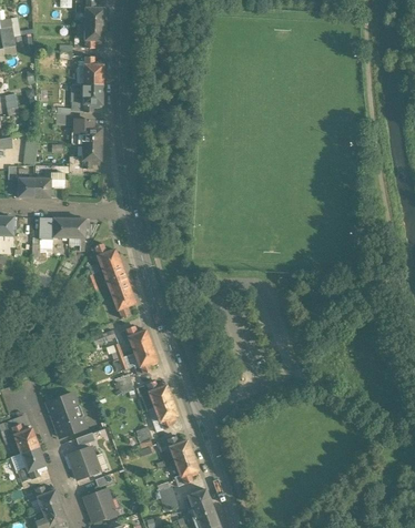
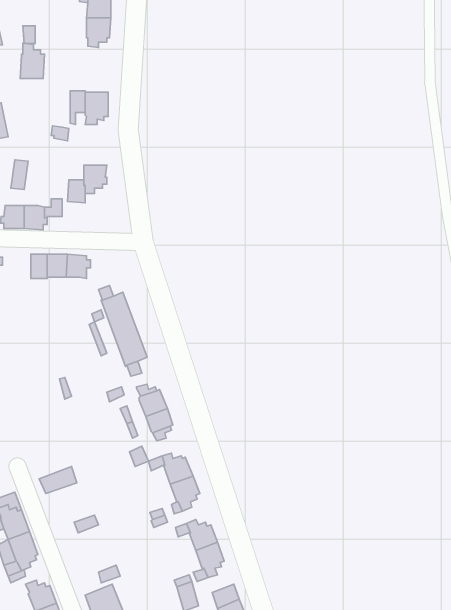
building: [83,55,103,84] -> [20,43,44,78]
building: [72,120,101,144] -> none
building: [51,405,85,436] -> none
building: [67,446,99,478] -> none

